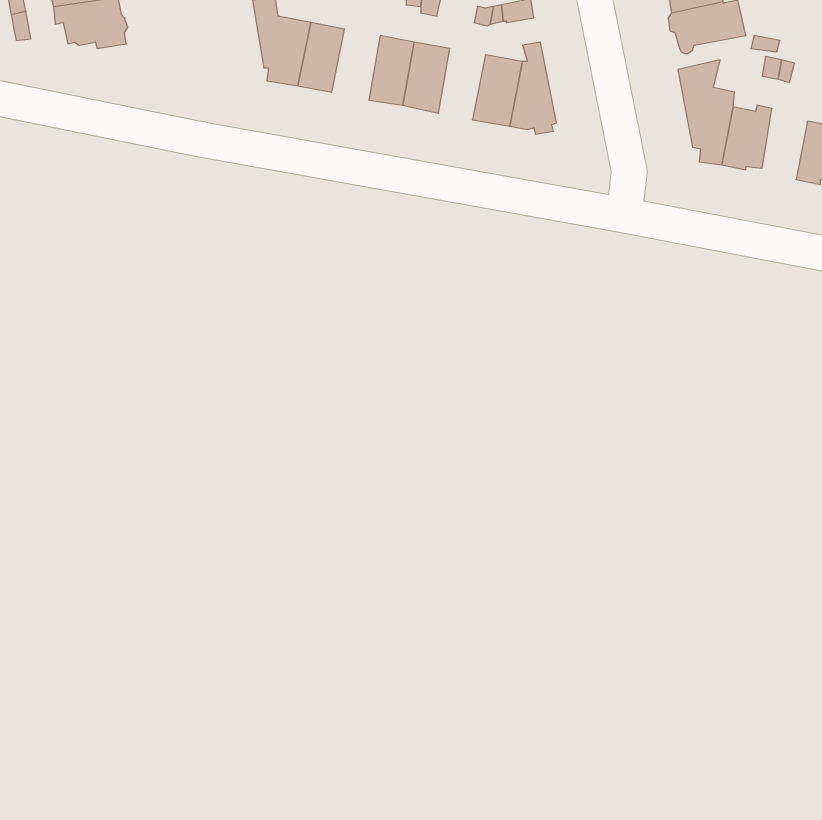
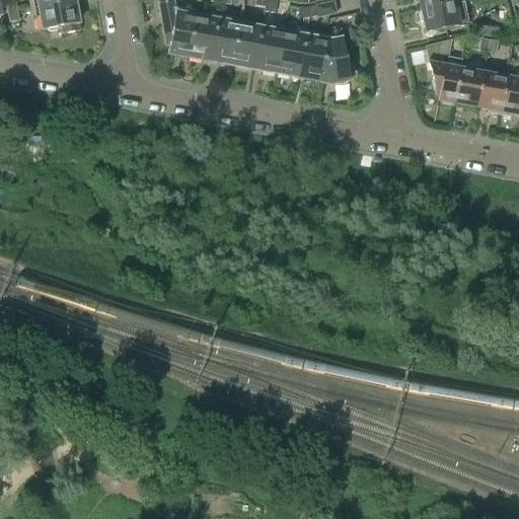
building: none -> [211,18,241,63]
building: none -> [278,30,307,75]
building: none -> [480,68,509,113]

